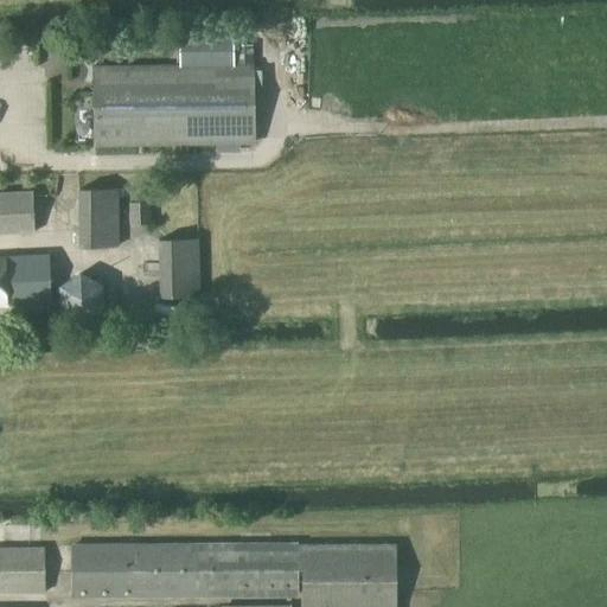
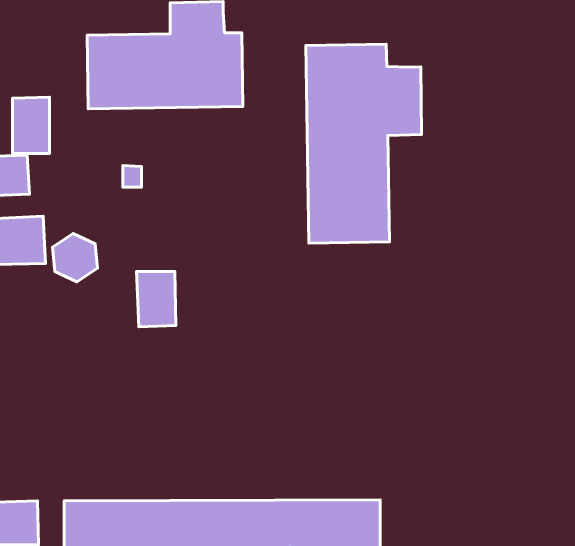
building: none -> [306,44,422,243]
building: [79,187,117,245] -> [13,97,49,154]
building: [159,238,199,295] -> [137,271,176,327]

